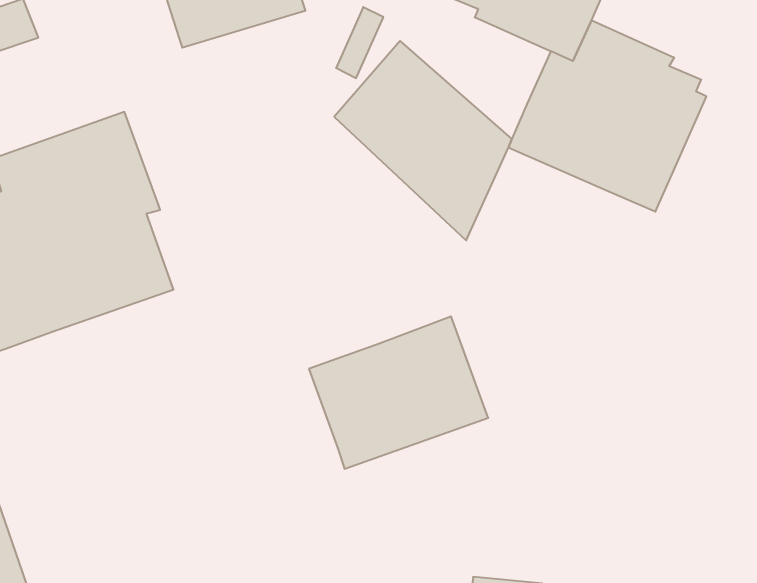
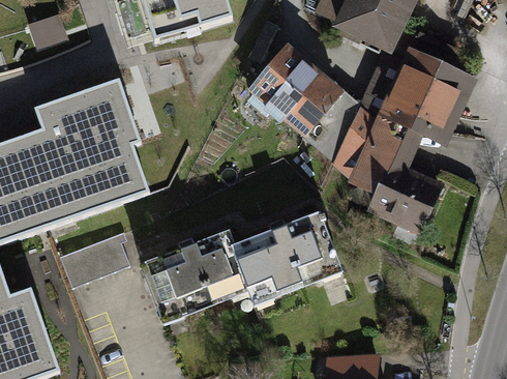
building: none -> [328,104,444,236]
building: none -> [139,227,249,319]
building: none -> [57,232,129,287]

